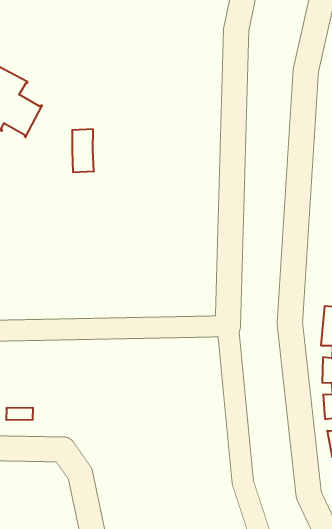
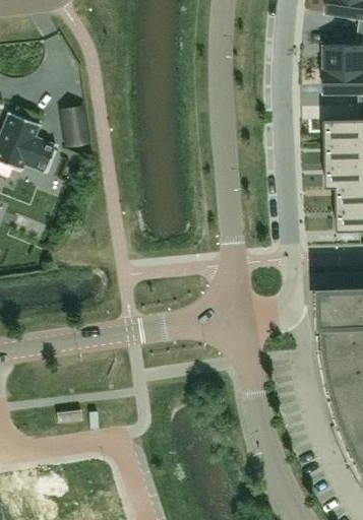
building: [72,129,94,172] -> [62,107,85,146]

